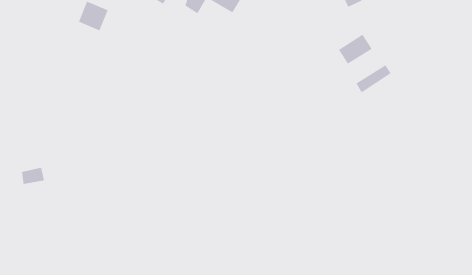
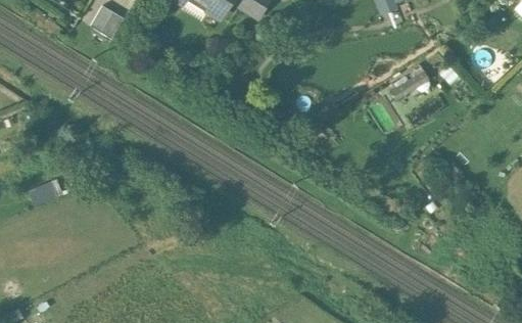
building: [338,34,372,65] -> none

